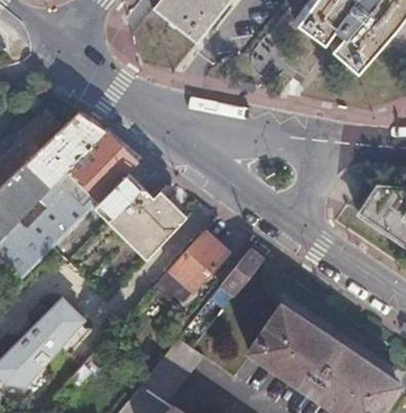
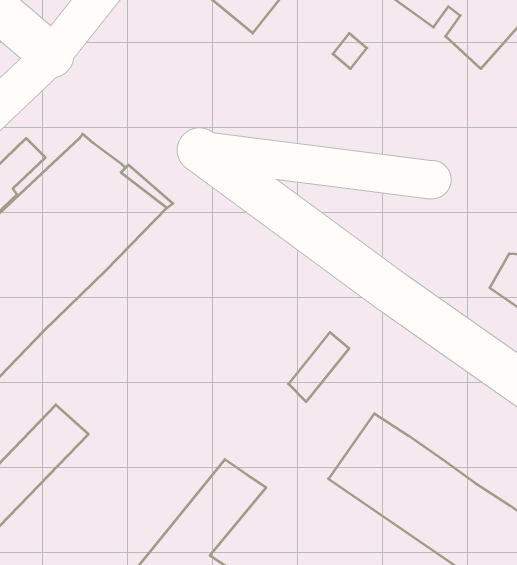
building: [95,171,184,256] -> none
building: [153,232,228,304] -> none

